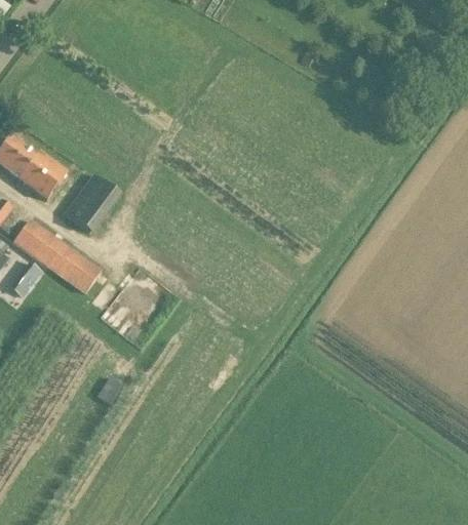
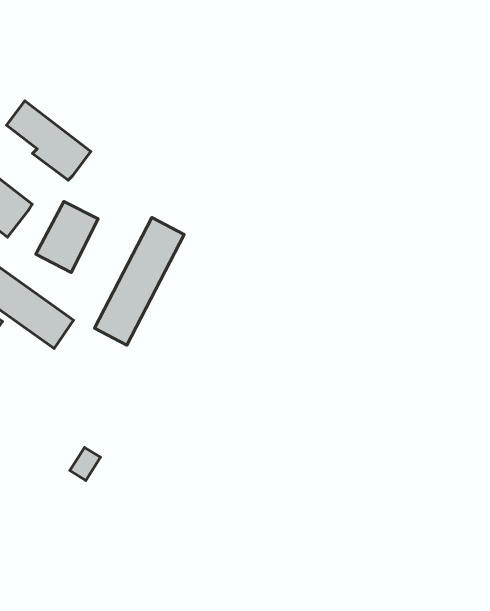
building: none -> [6,101,91,180]
building: none -> [95,217,184,345]

